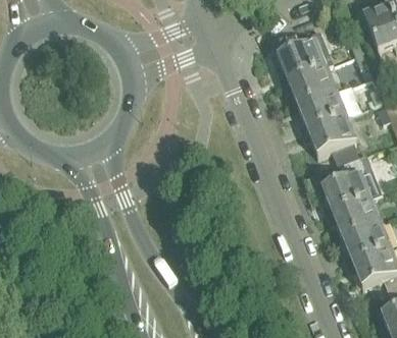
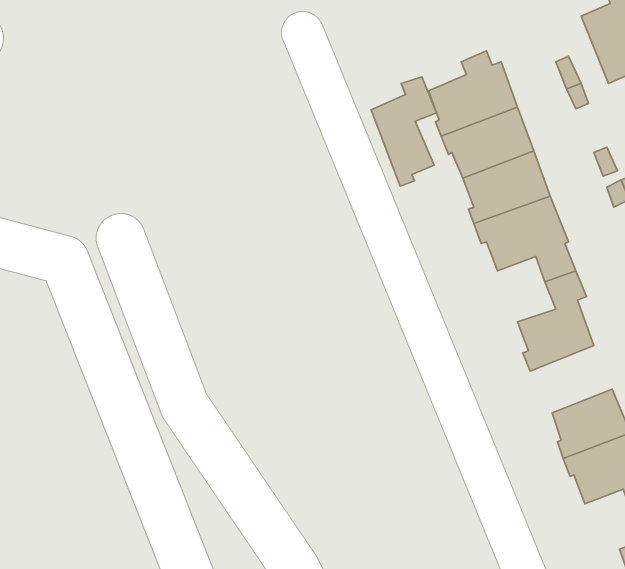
building: none -> [371,77,437,186]
building: [333,194,379,232] -> none

